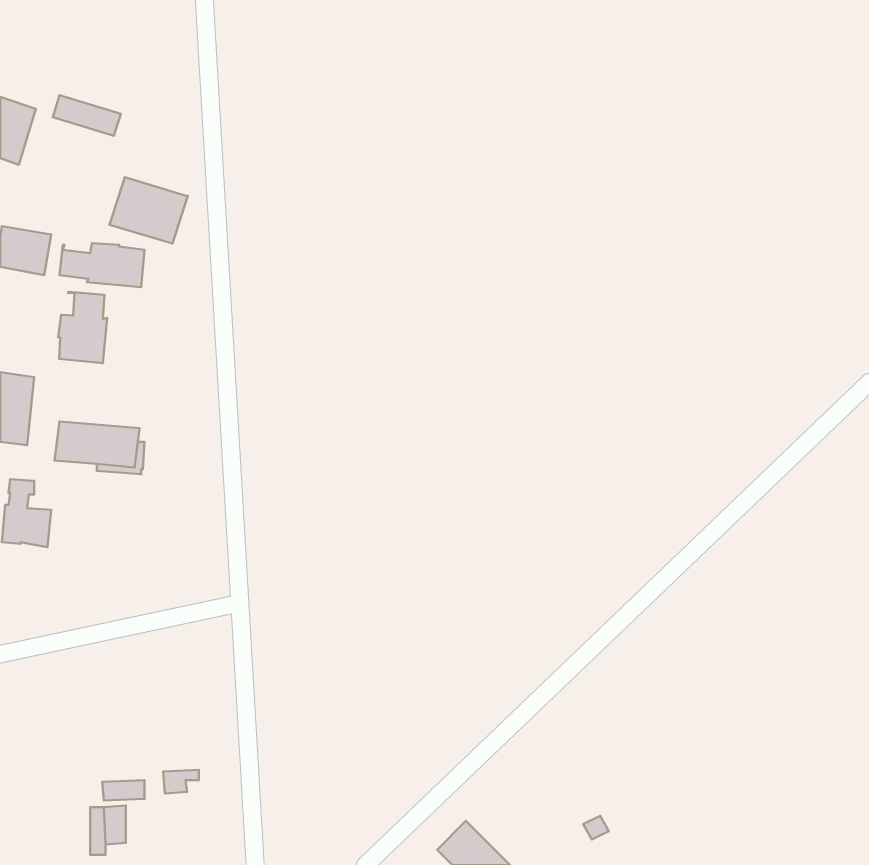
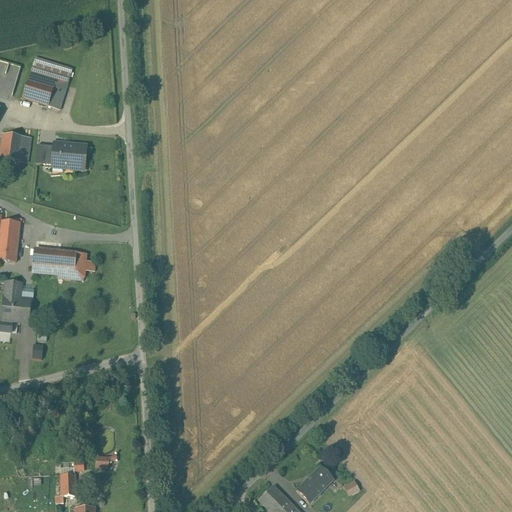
building: [110,177,188,243] -> [22,69,68,108]
building: [58,292,107,363] -> none
building: none -> [296,466,333,502]

